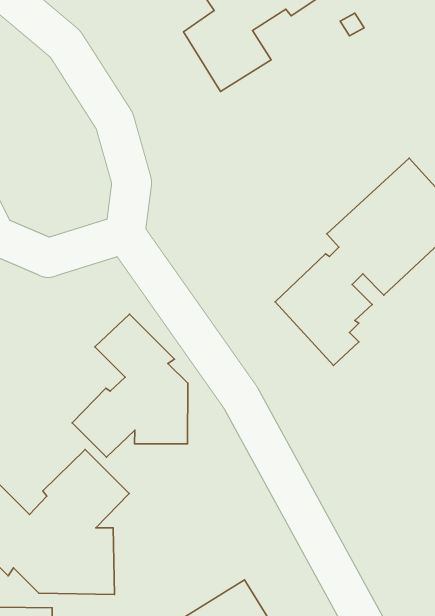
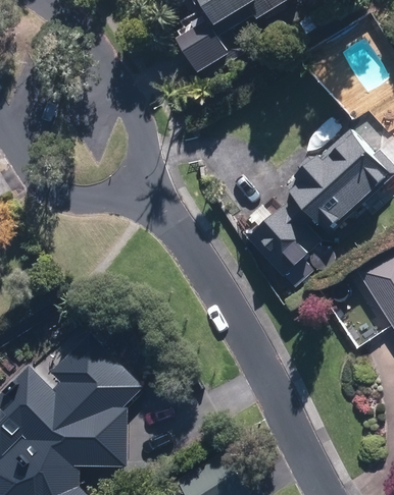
building: [72,314,188,457] -> none

